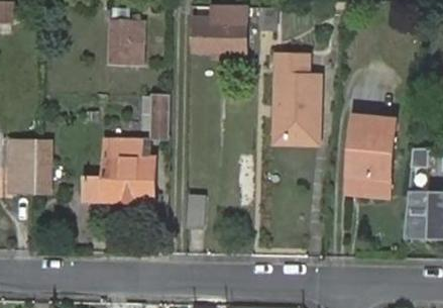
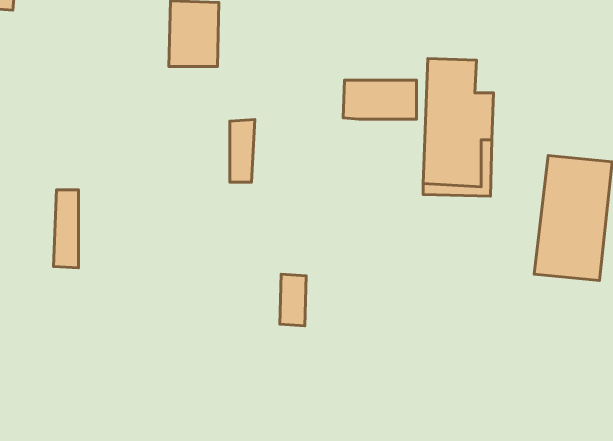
building: [194,24,241,49] -> [343,80,416,119]
building: [83,137,153,201] -> none
building: [13,139,37,191] -> none

